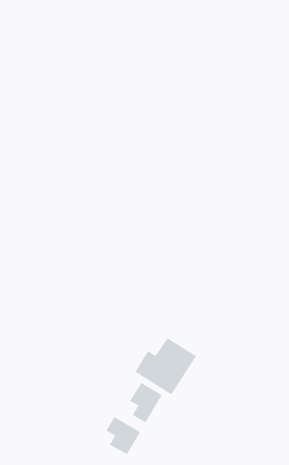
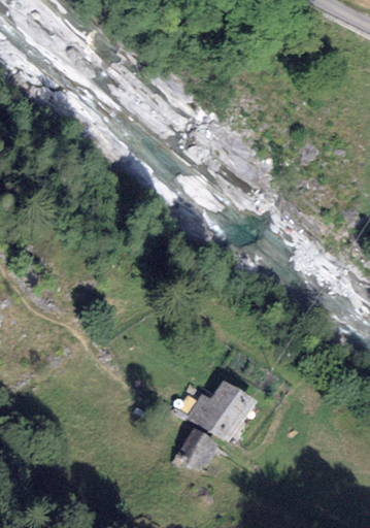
building: [106,416,141,455] -> none

